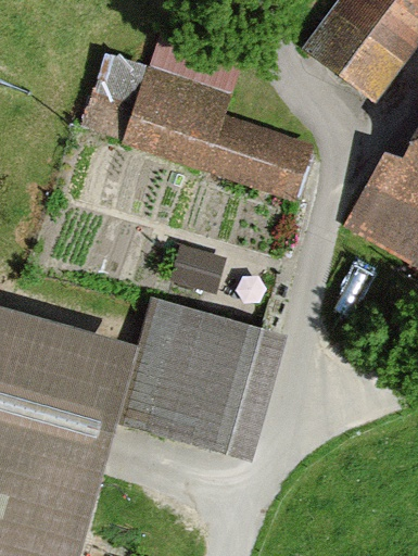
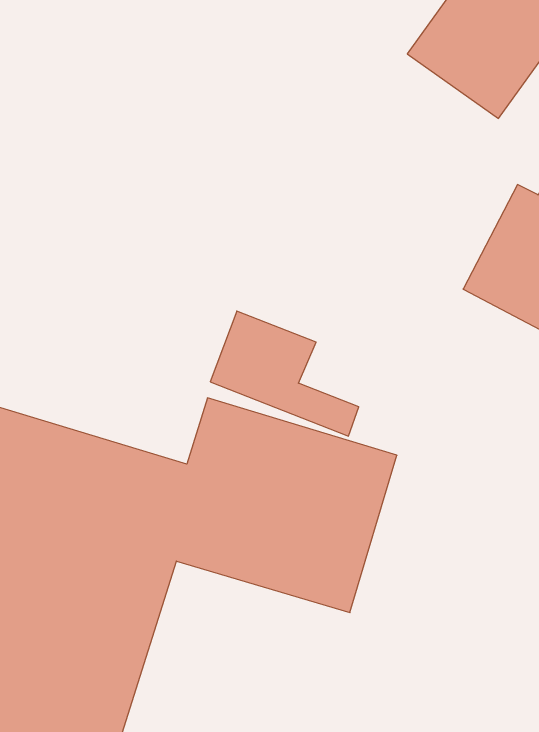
building: [87,55,317,203] -> none

